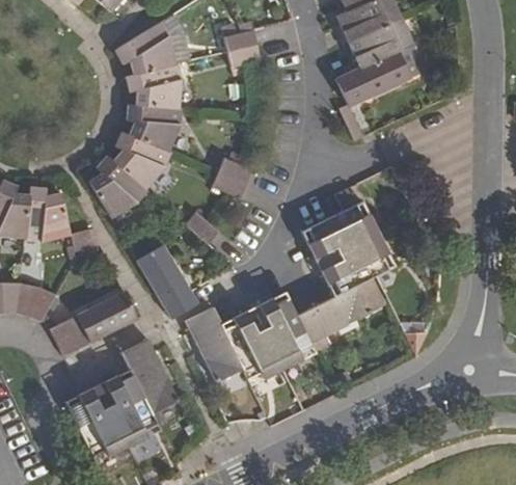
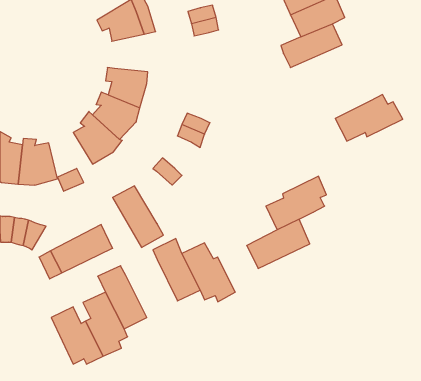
building: [129,64,179,109] -> none
building: [301,204,381,259] -> [335,95,403,141]
building: [257,292,313,370] -> none

